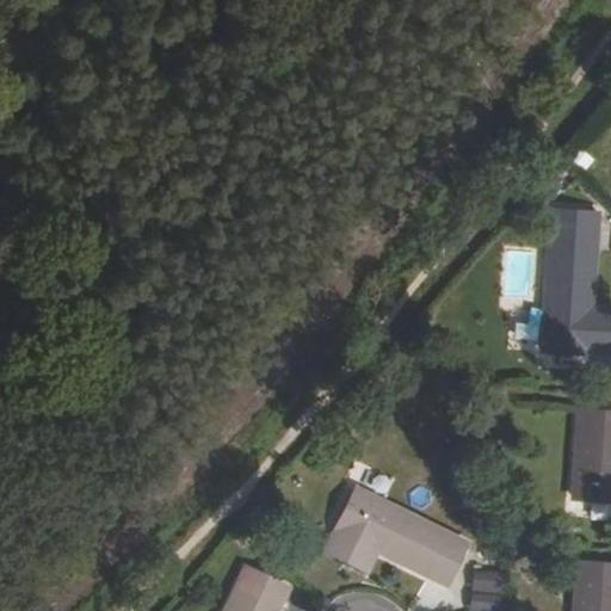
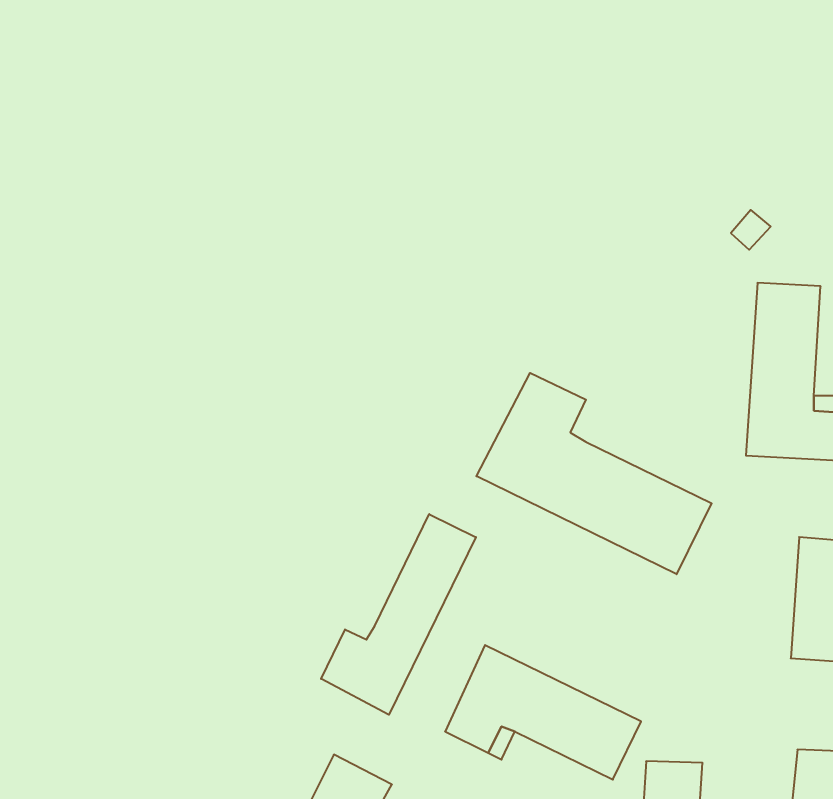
building: none -> [476,373,712,574]
building: none -> [321,514,476,715]

